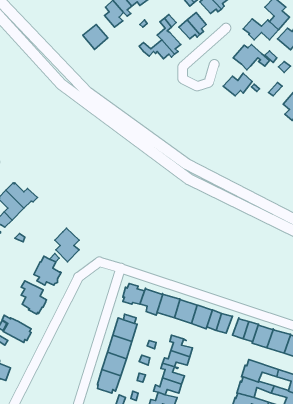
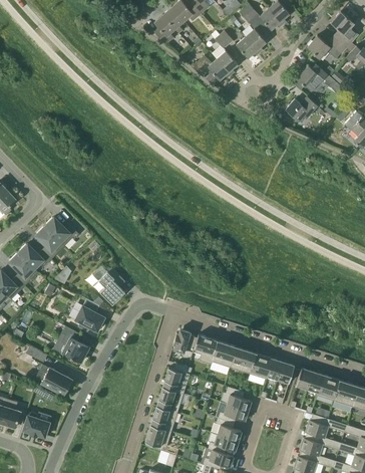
building: [83,25,108,49] -> none

